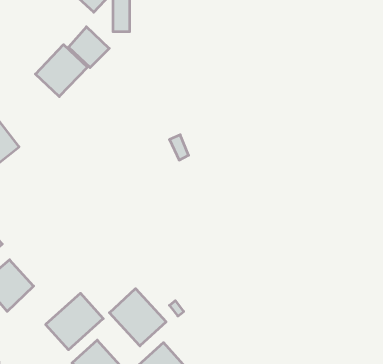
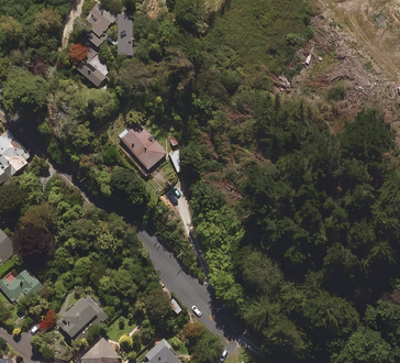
building: [35,45,87,97] -> none
building: none -> [119,122,165,169]
building: [109,289,166,346] -> none

